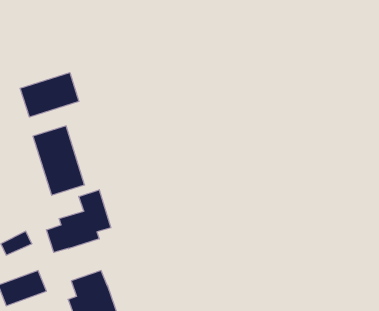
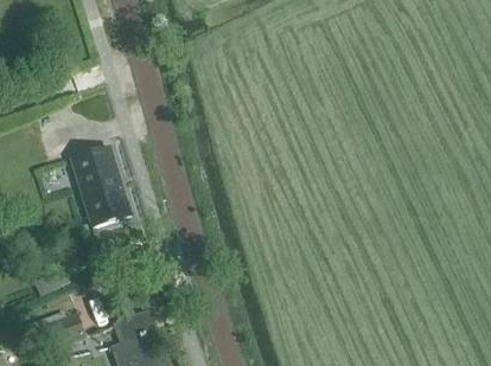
building: [20,73,79,117] -> none
building: [46,190,111,252] -> none

